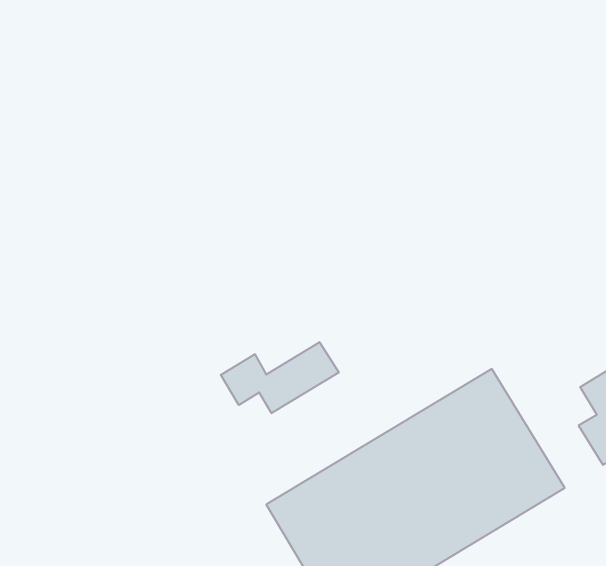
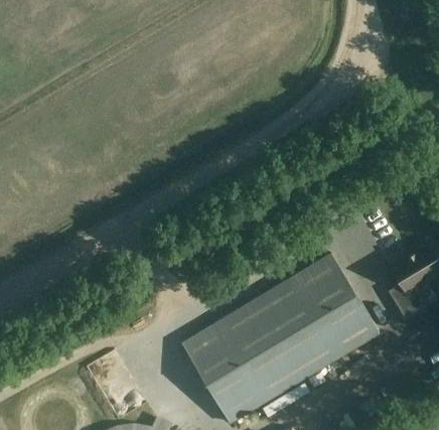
building: [221,342,339,413] -> none

